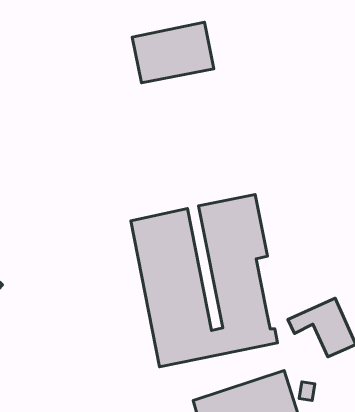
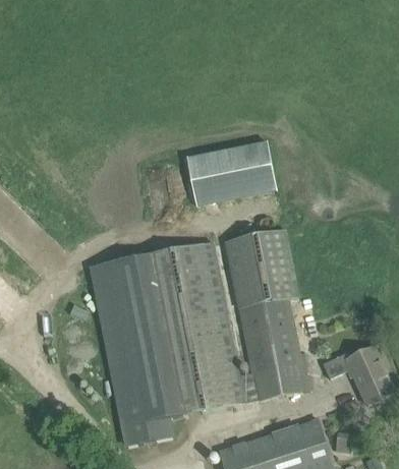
building: [132,22,214,83] -> [185,140,275,207]
building: none -> [91,255,181,446]

